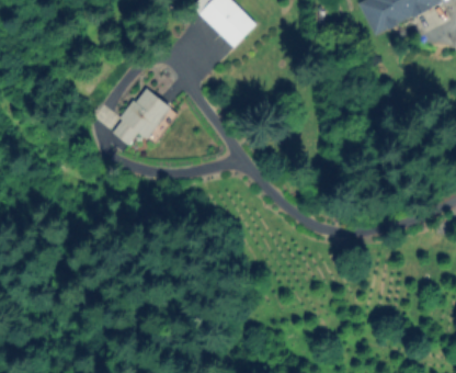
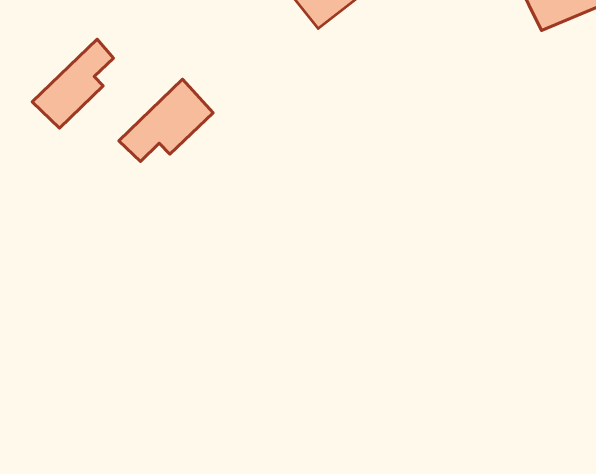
building: none -> [32,39,114,128]

